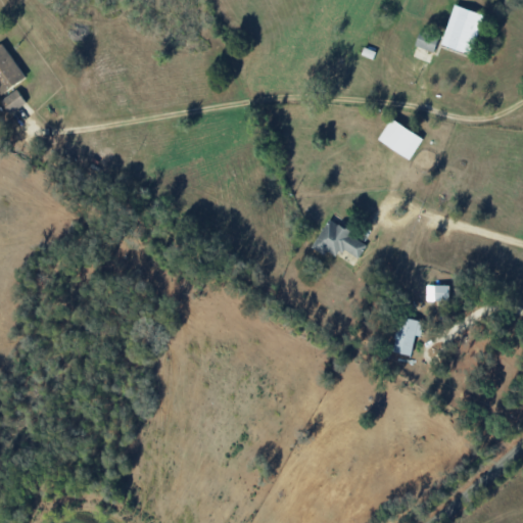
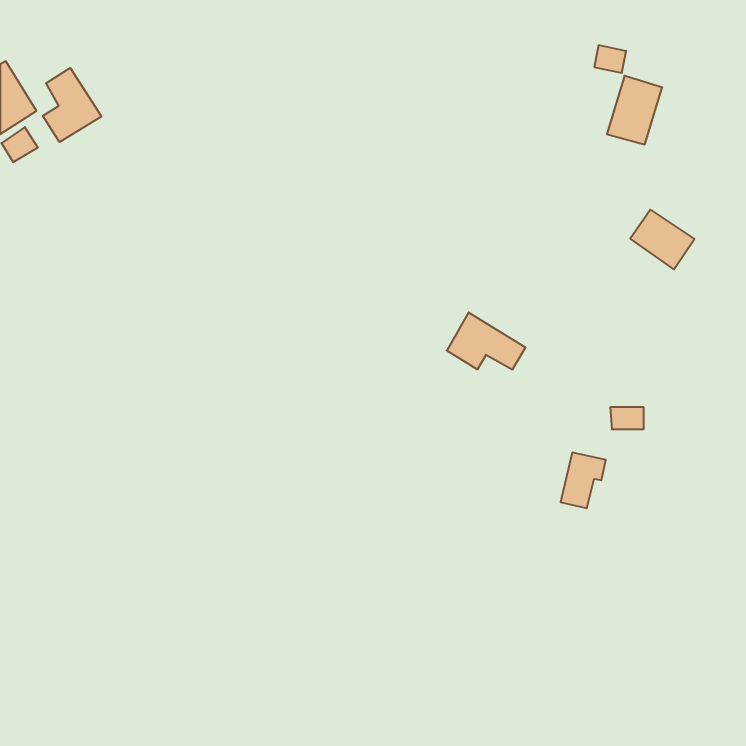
building: [441,5,480,53] -> [607,76,662,144]
building: none -> [43,68,101,142]
building: [378,118,423,160] -> [630,210,694,269]

